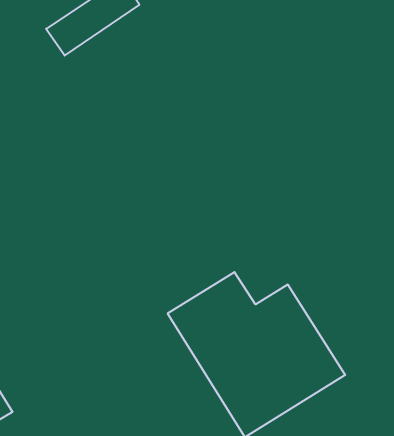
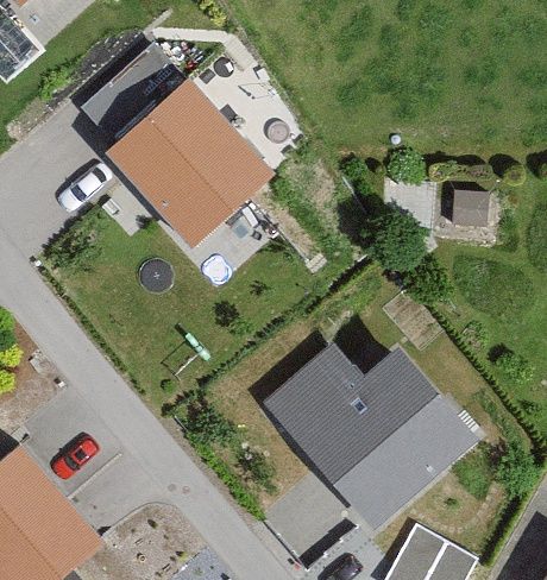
building: none -> [103,78,275,251]

